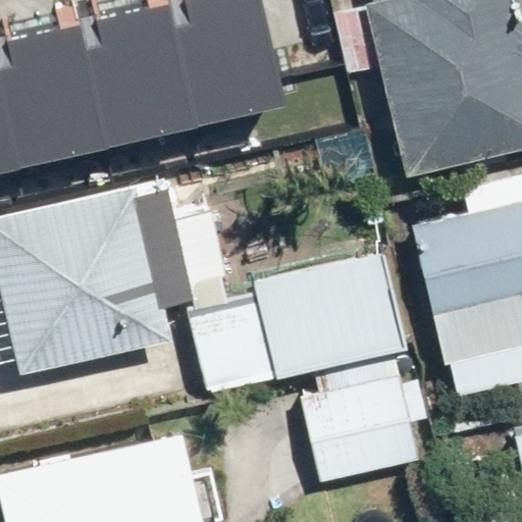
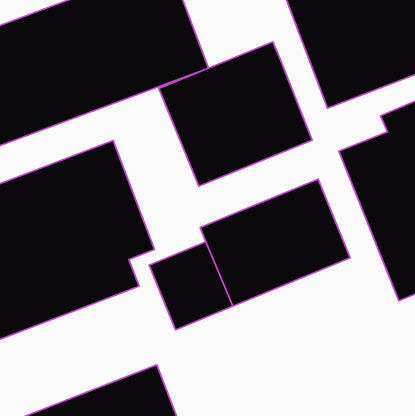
building: none -> [159,42,312,186]
building: [295,369,427,483] -> none

